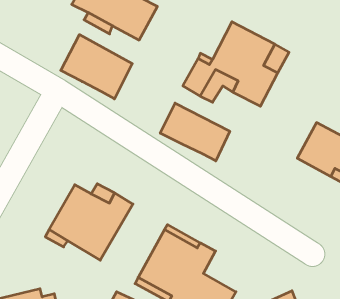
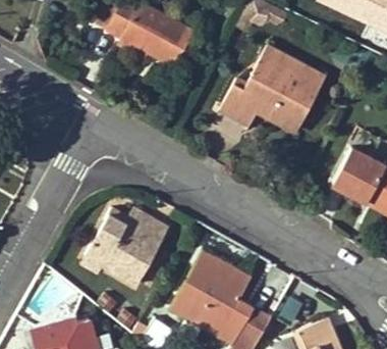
building: [61,35,132,99] -> none
building: [160,103,230,161] -> none

